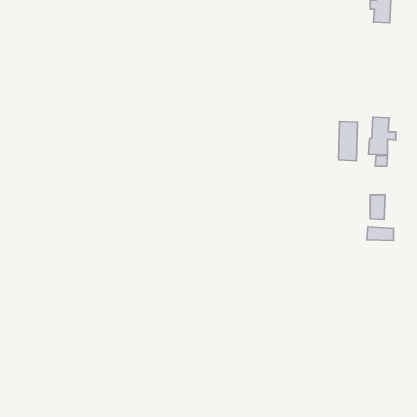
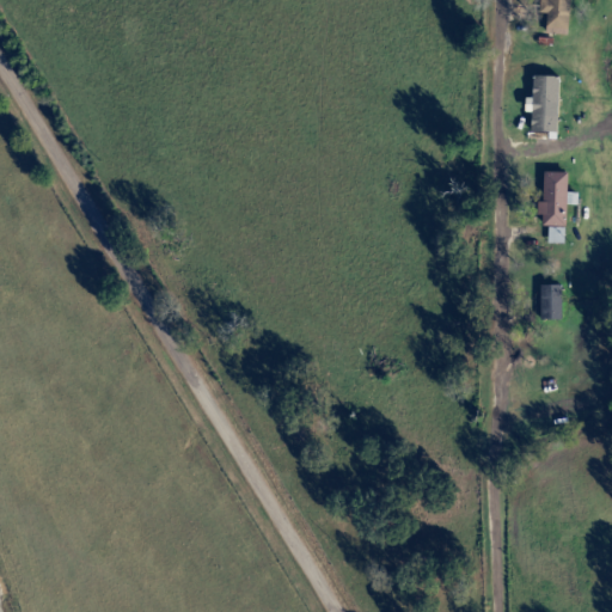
building: [339,121,357,161] -> [531,75,558,133]
building: [367,227,394,241] -> none

